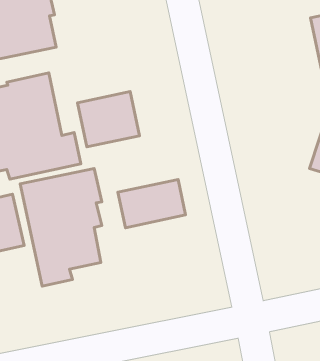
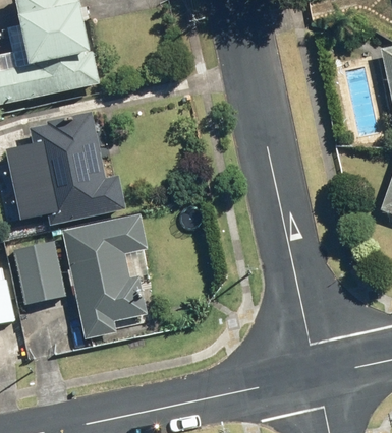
building: [77,92,139,147] -> none
building: [118,179,186,228] -> none

